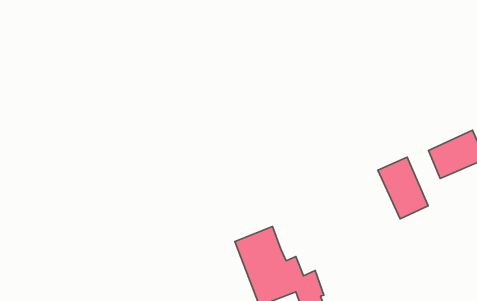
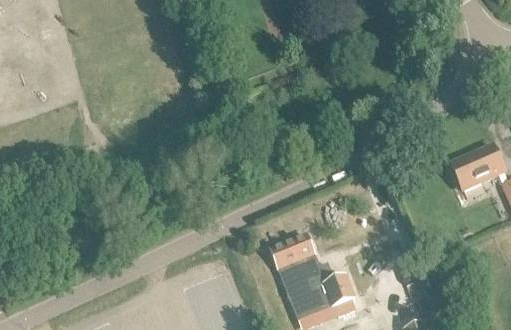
building: [378,157,428,219] -> none

